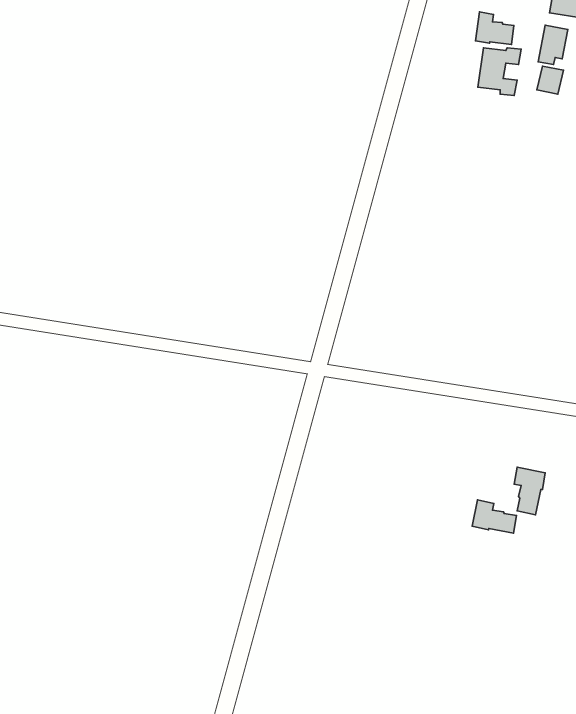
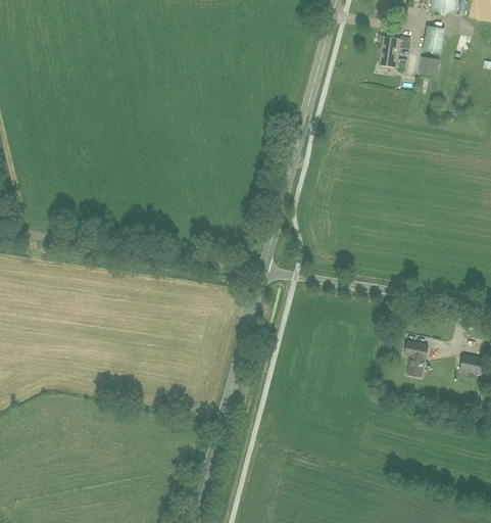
building: [475,12,514,44] -> none
building: [472,500,516,533] -> none

